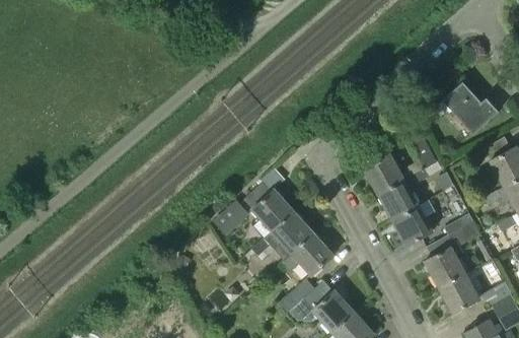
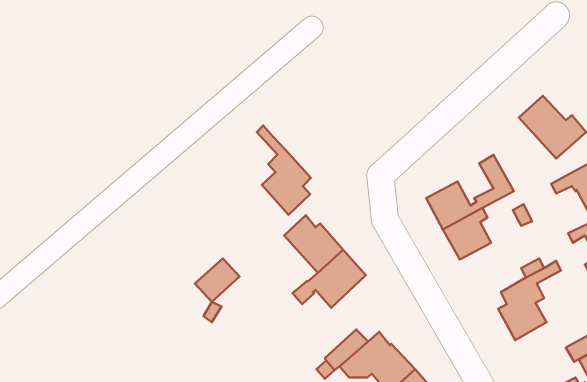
building: none -> [257,125,311,215]
building: [213,200,250,236] -> [195,258,240,302]
building: [392,206,433,247] -> none
building: [281,233,333,275] -> none
building: [439,273,479,314] -> none

